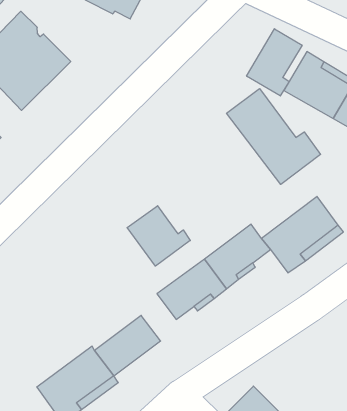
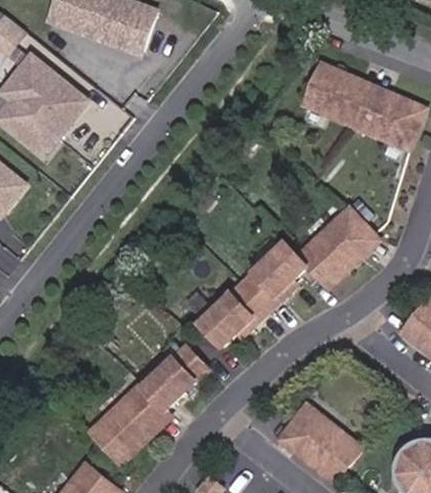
building: [247,29,302,96] -> none
building: [227,89,321,184] -> none
building: [127,206,190,266] -> none

